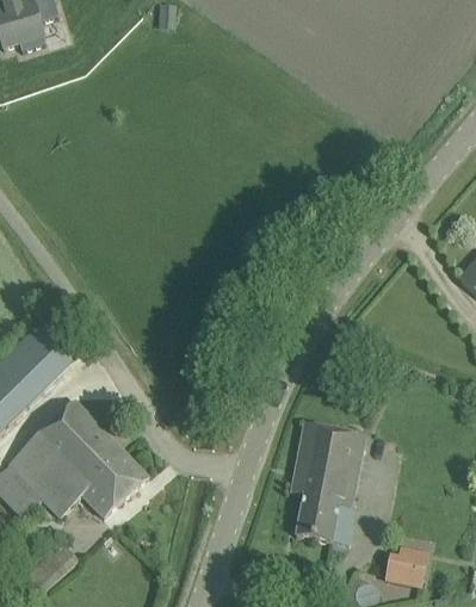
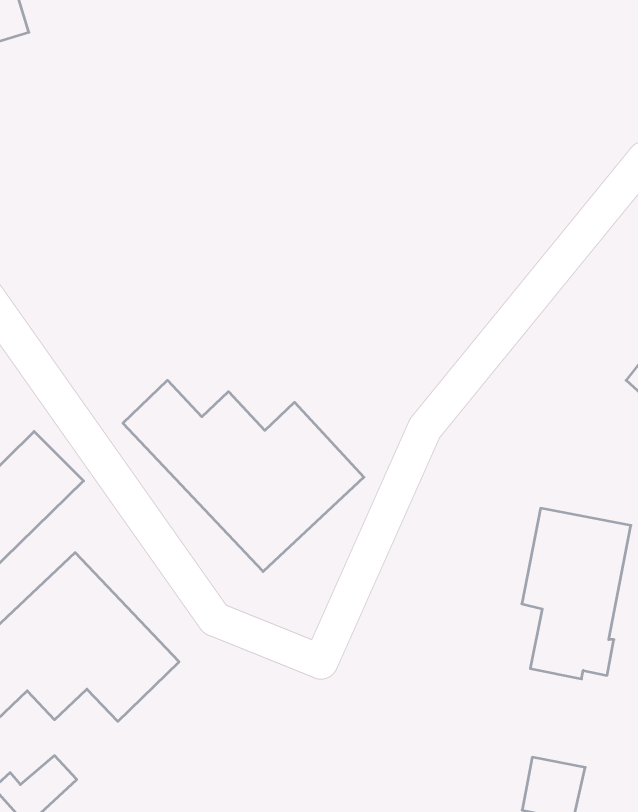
building: none -> [123,380,364,572]
building: [290,423,366,543] -> [522,508,631,679]

